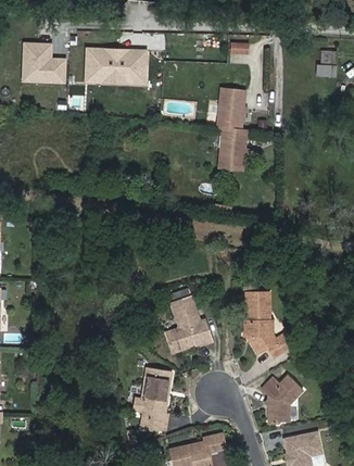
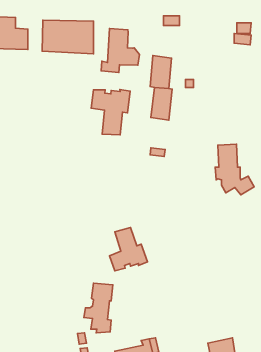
building: none -> [101,28,139,72]
building: none -> [91,89,130,135]
building: [243,295,291,357] -> [215,144,254,195]
building: [261,377,301,426] -> none

